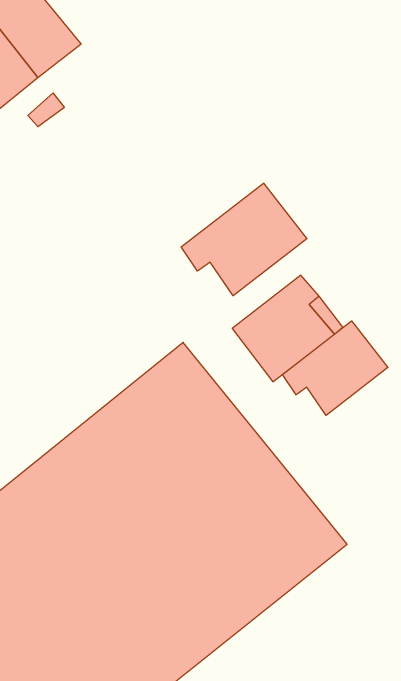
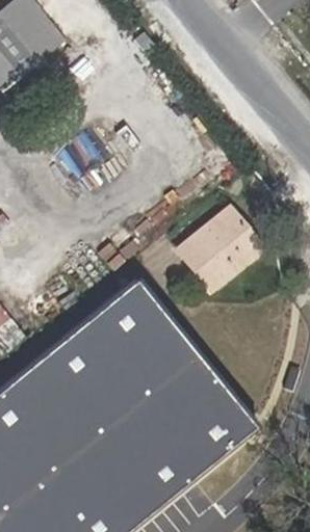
building: [181,183,307,296] -> none
building: [282,321,388,415] -> none

